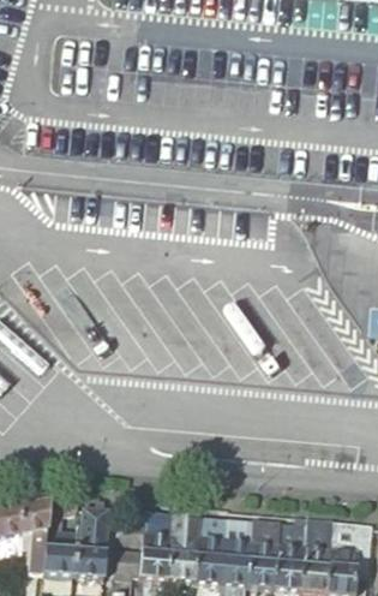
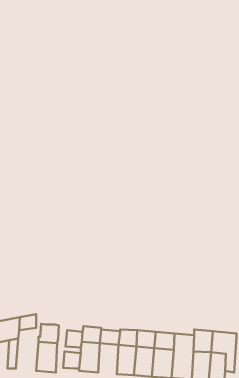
building: [43,530,77,577] -> none
building: [164,536,194,582] -> none

